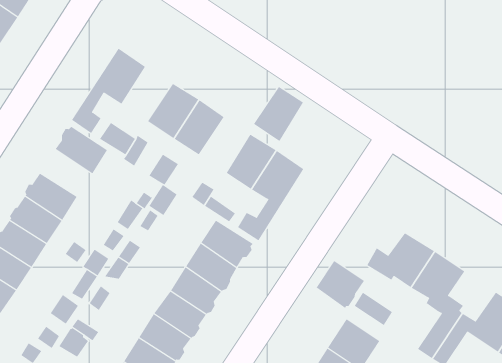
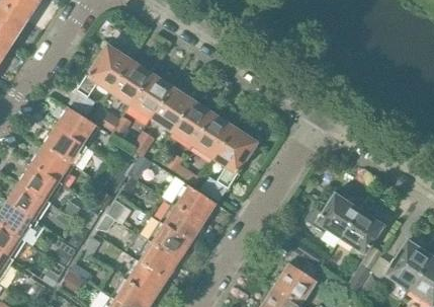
building: none -> [109,61,150,104]
building: [253,86,304,142] -> [171,101,211,146]
building: none -> [44,127,86,165]
building: [316,260,365,309] -> none

